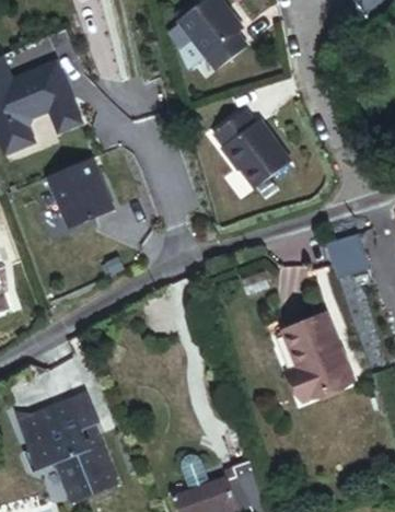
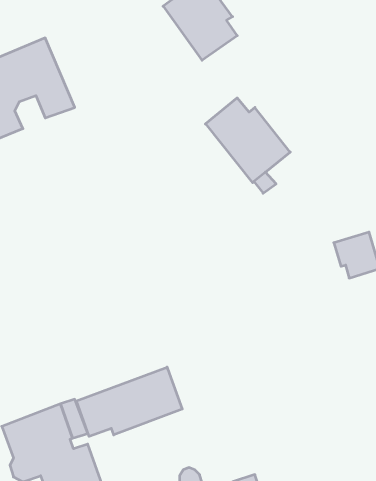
building: [48,154,116,226] -> none
building: [278,315,346,403] -> none
building: none -> [76,367,182,436]

